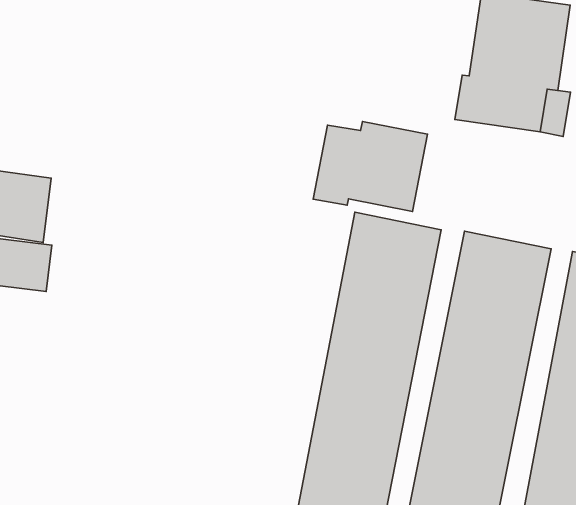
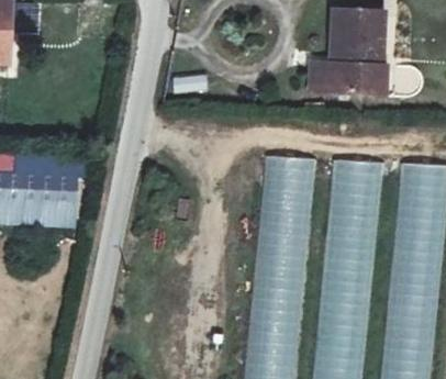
building: [313,121,428,211] -> none

